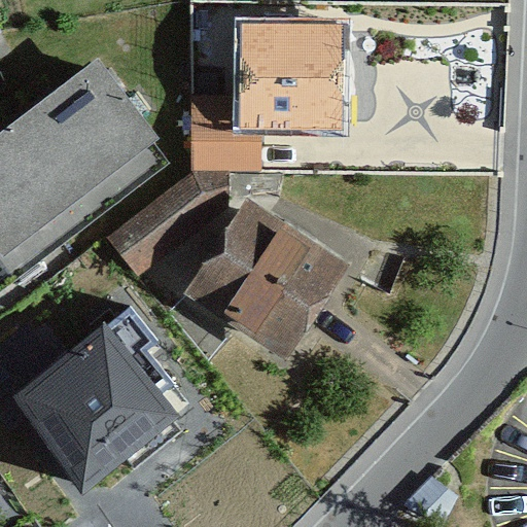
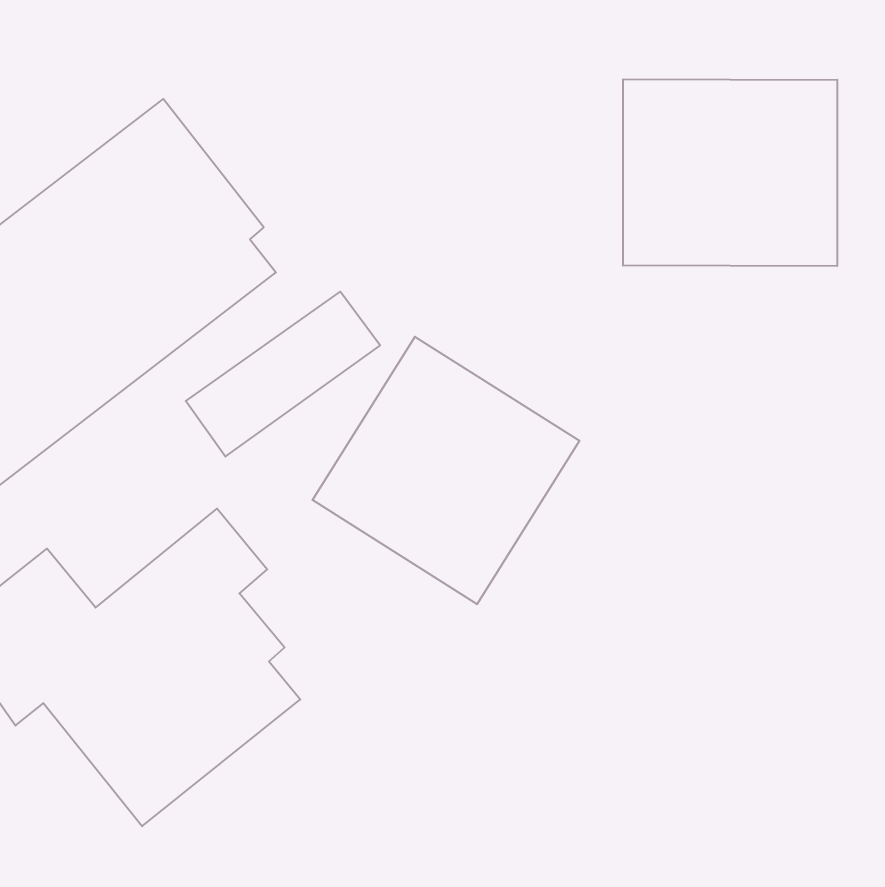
building: [190,25,340,171] -> none
building: none -> [623,79,837,266]

